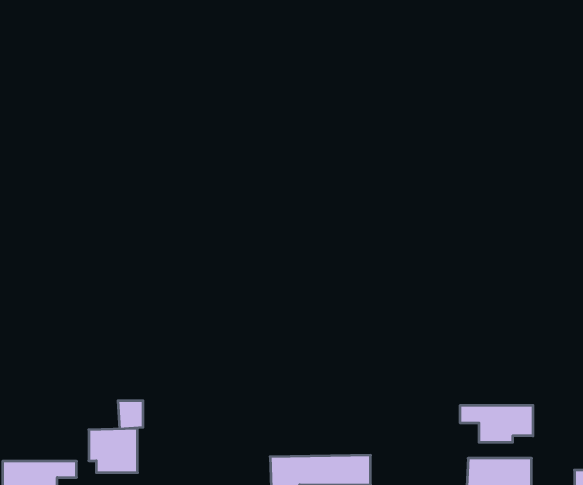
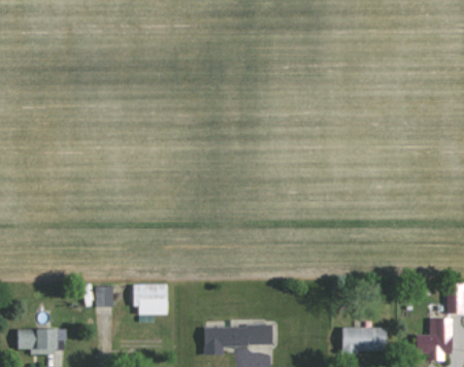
building: [460,405,533,442] -> none
building: [89,428,138,473] -> [131,283,165,314]

